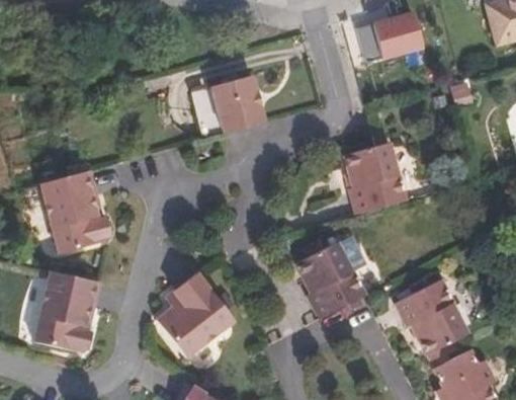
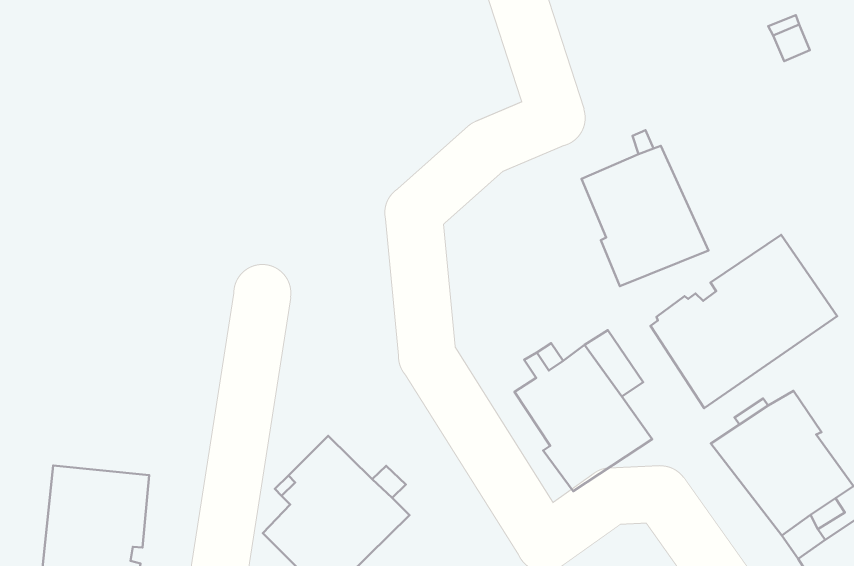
building: [192,75,265,139] -> none
building: [40,171,108,253] -> none
building: none -> [650,235,837,408]

